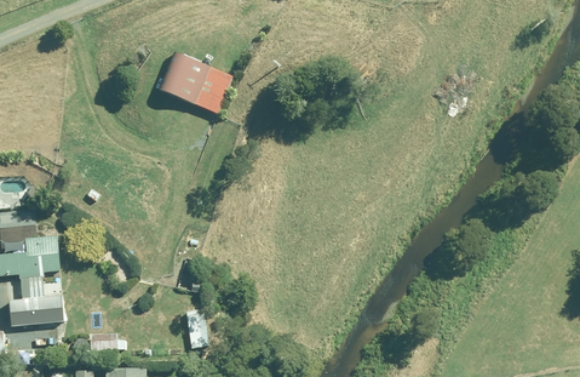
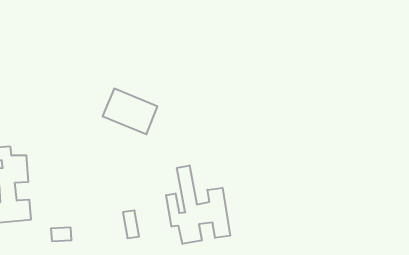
building: [159,51,232,113] -> [103,88,157,134]
building: none -> [166,165,230,244]

